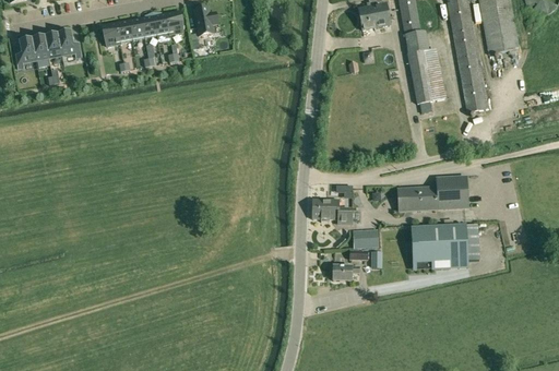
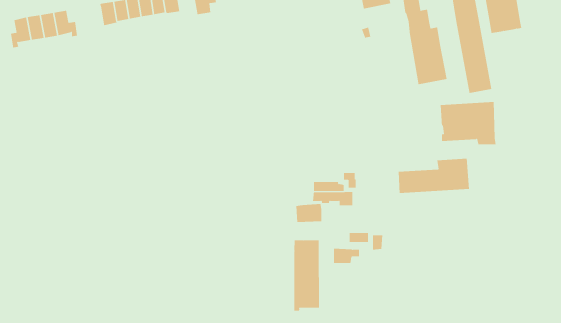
building: [413,224,468,266] -> [440,102,497,145]
building: [353,229,379,248] -> [296,204,322,223]
building: none -> [294,240,320,312]

